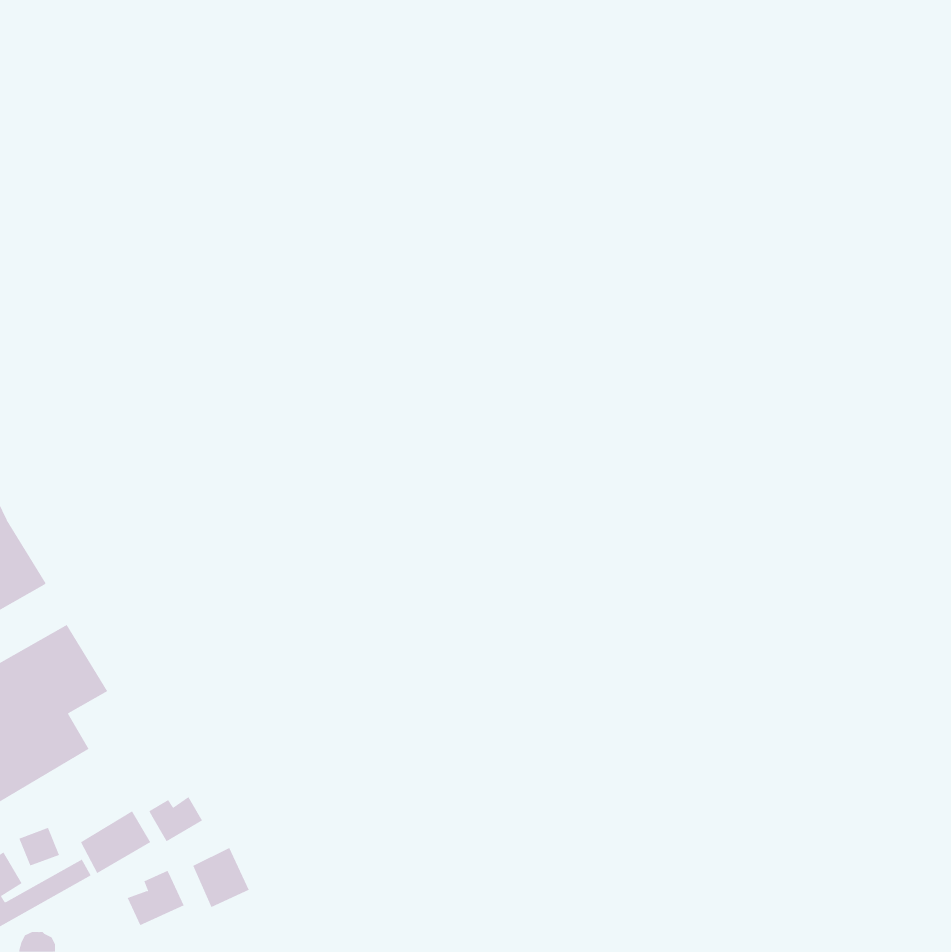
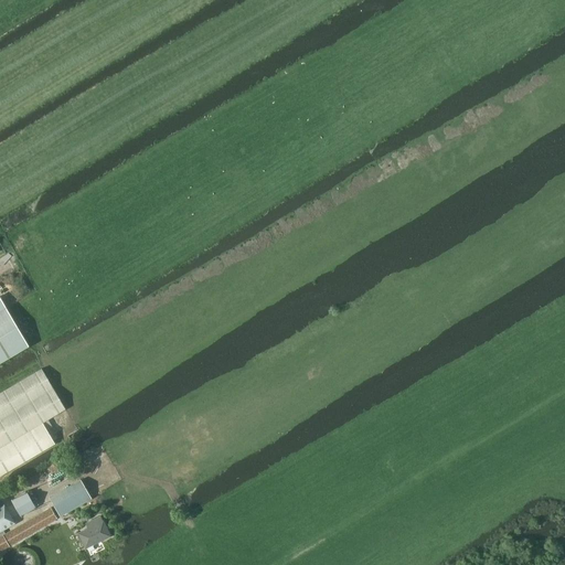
building: [148,796,203,842] -> none
building: [193,847,249,908] -> none

